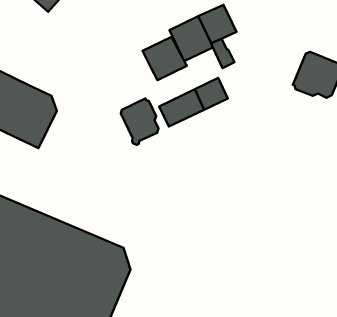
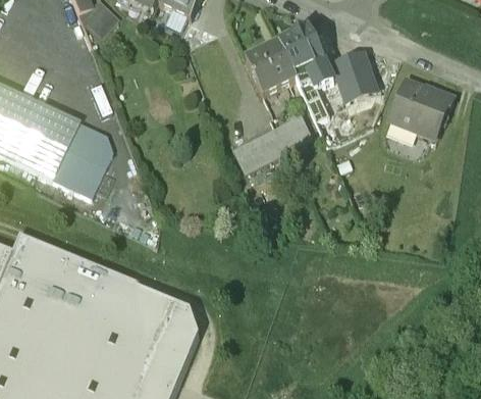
building: none -> [332,50,376,98]
building: [142,37,187,80] -> none
building: [121,99,159,145] -> none

